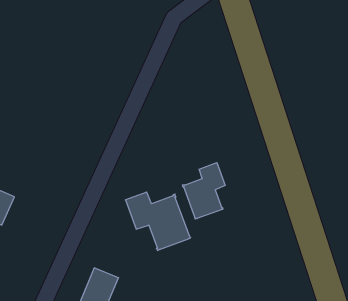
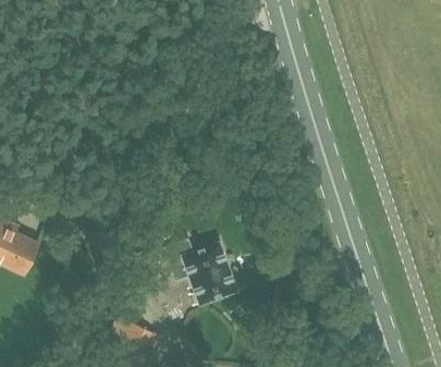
building: [182,163,225,219] -> none

